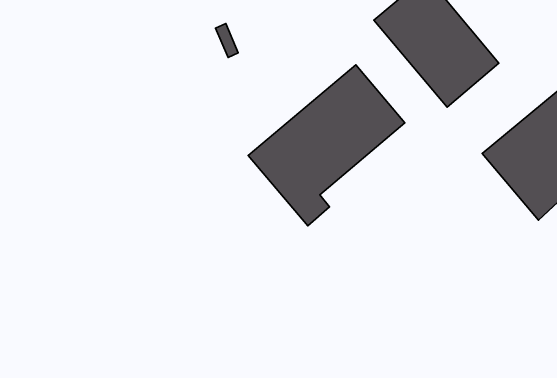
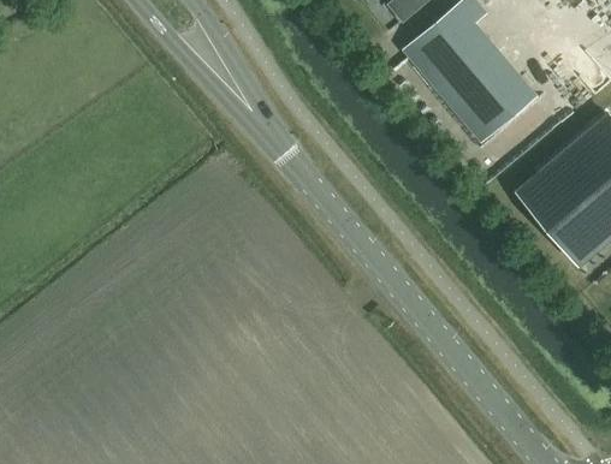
building: [248,65,405,226] -> none

